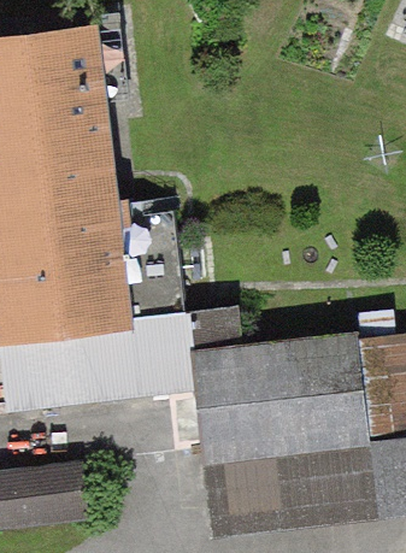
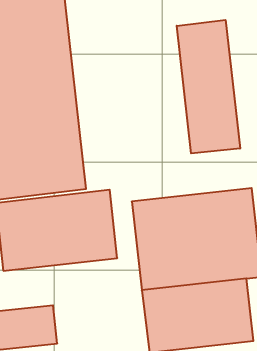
building: none -> [177,20,240,153]

